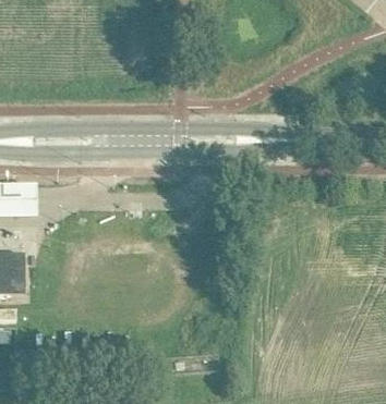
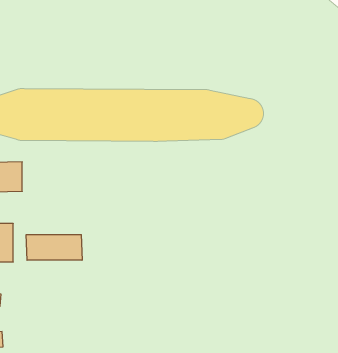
building: none -> [26,235,82,260]

